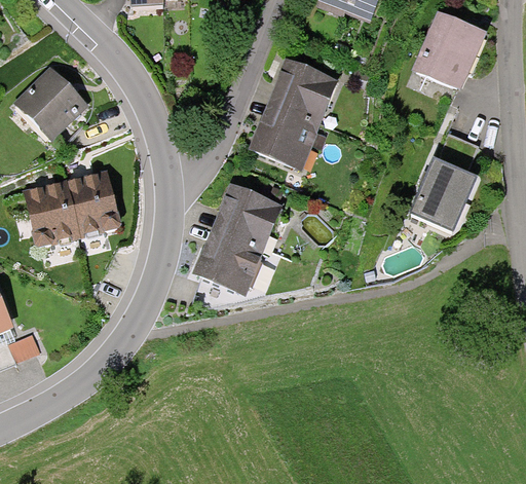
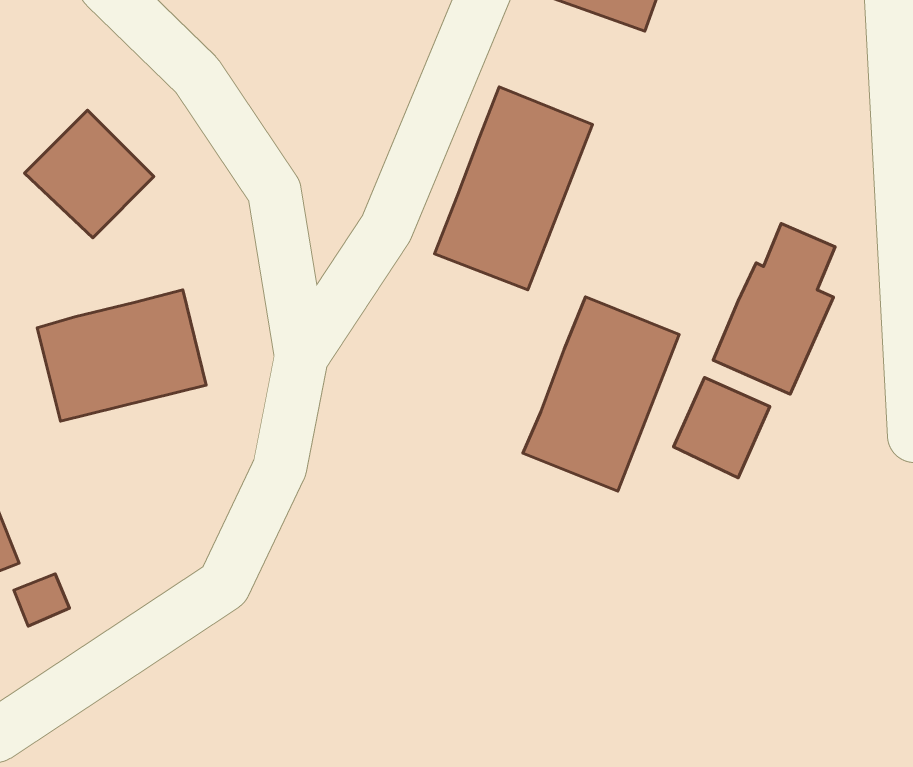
building: [411,12,484,89] -> none
building: [193,181,283,292] -> [523,297,679,491]
building: none -> [673,377,770,478]

